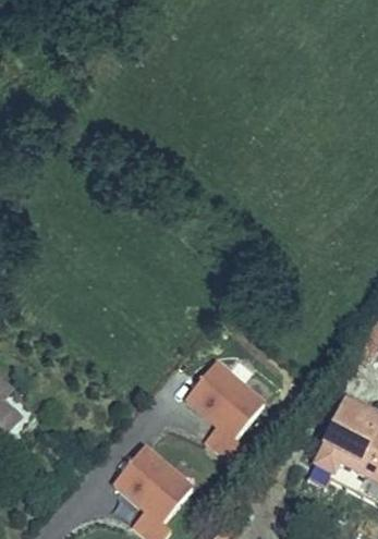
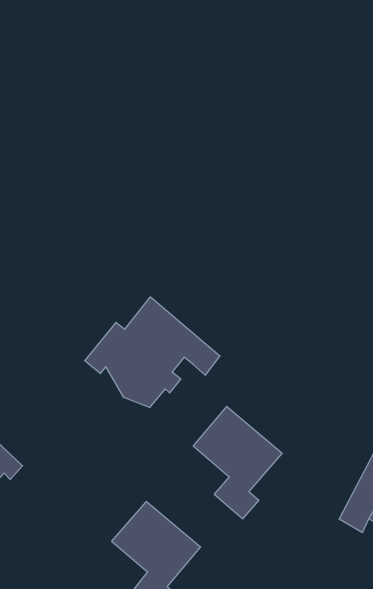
building: none -> [85,297,220,407]

